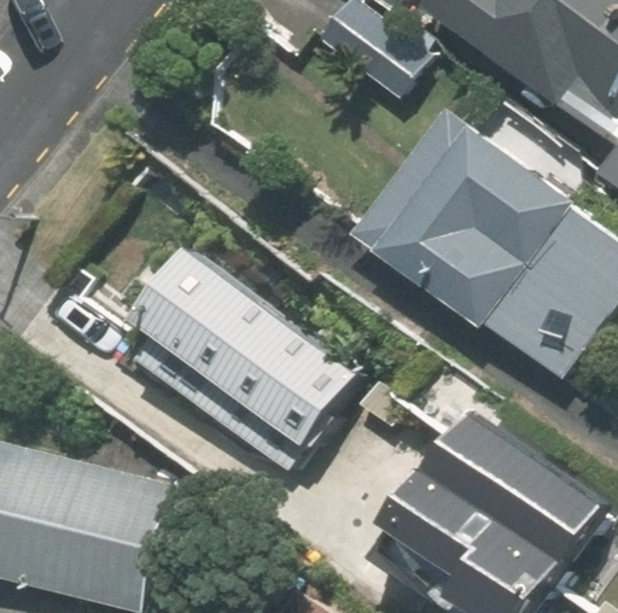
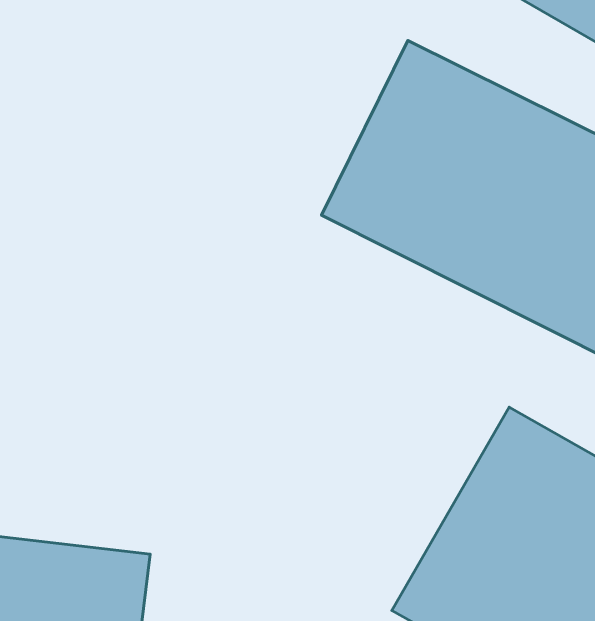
building: [142,247,365,446] -> none

